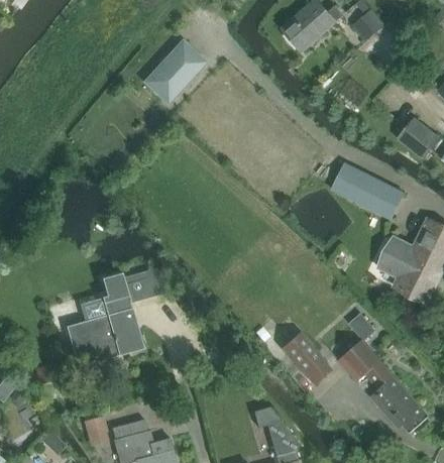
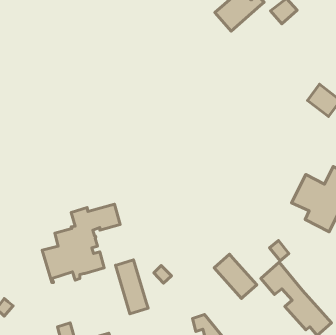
building: [143,39,207,105] -> none
building: [332,164,405,219] -> none
building: none -> [115,260,148,314]

